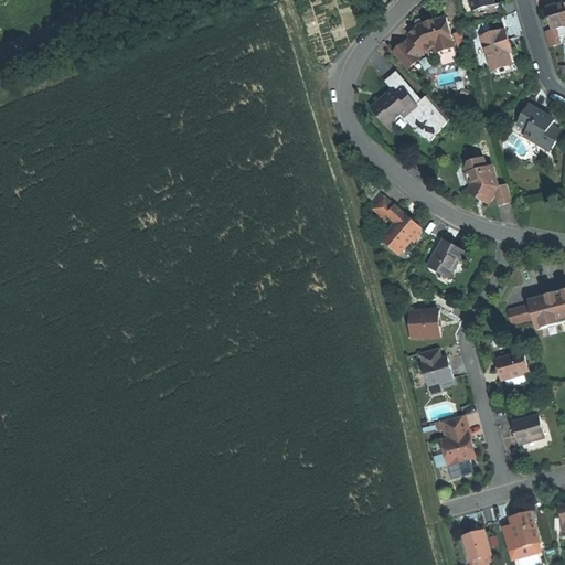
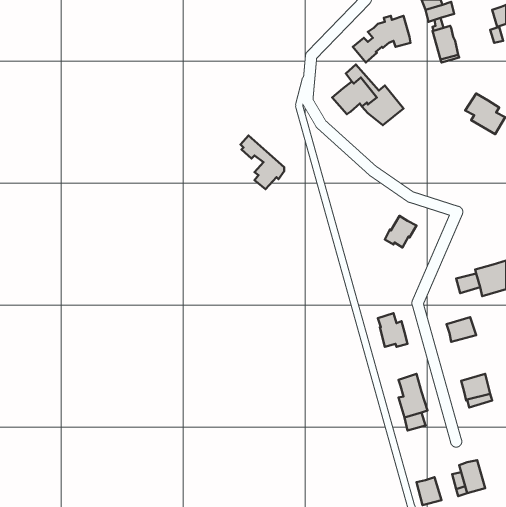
building: [463,159,512,206] -> none
building: [371,193,419,253] -> [241,135,284,189]
building: [409,310,439,339] -> none

